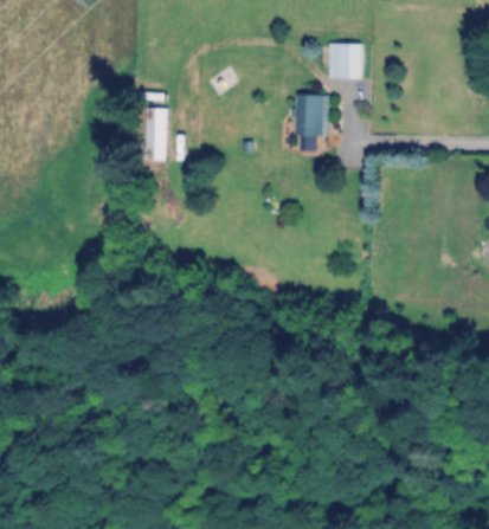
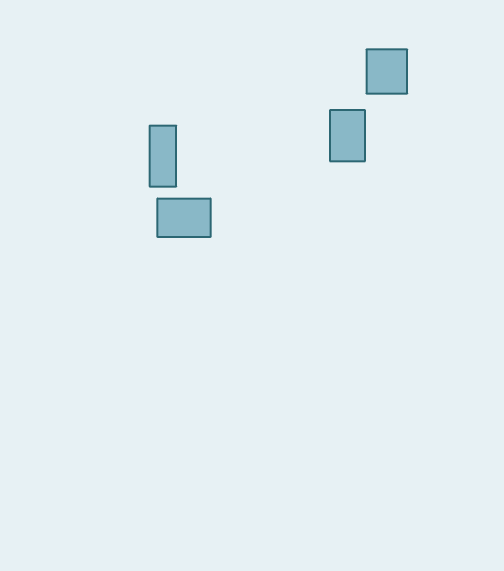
building: none -> [158,198,210,237]

